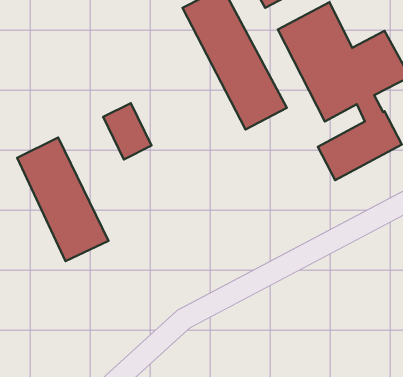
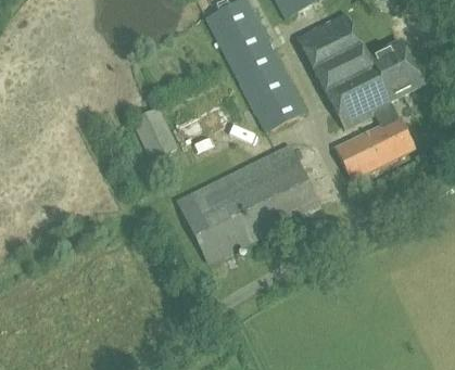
building: [17,138,108,261] -> none
building: none -> [177,144,321,261]

